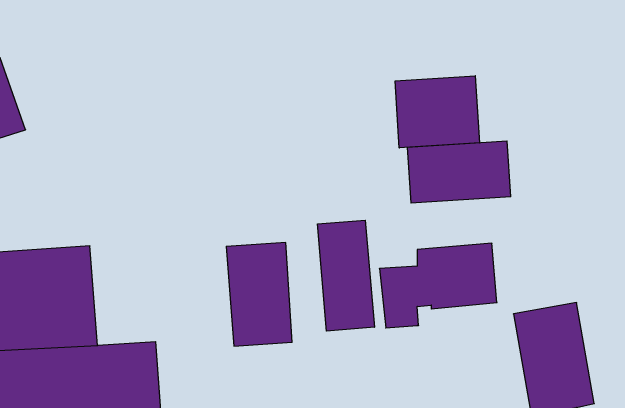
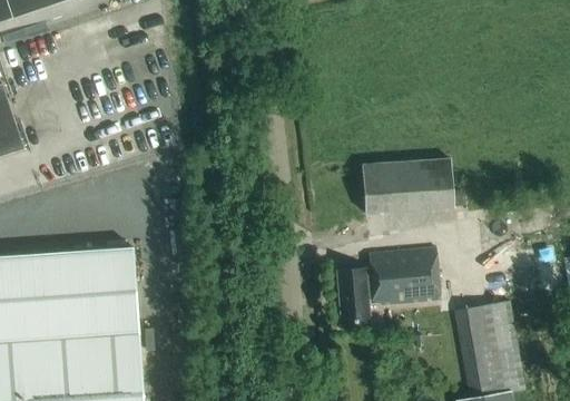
building: [395,76,479,148] -> none
building: [318,220,374,331] -> none
building: [226,243,292,346] -> [81,247,139,339]

